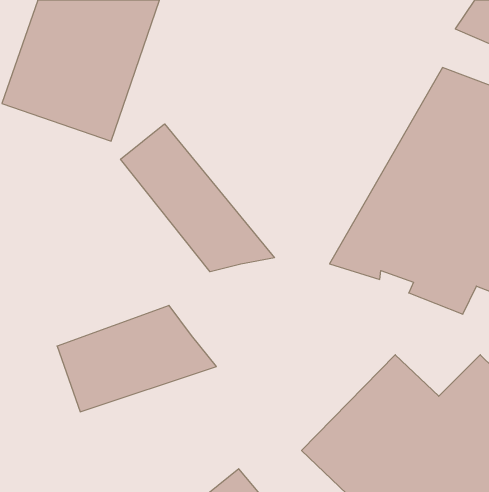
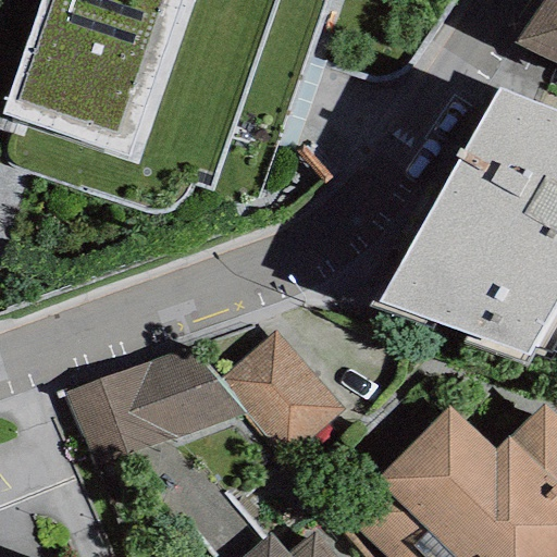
building: [121,124,274,272] -> none
building: none -> [221,332,347,462]

